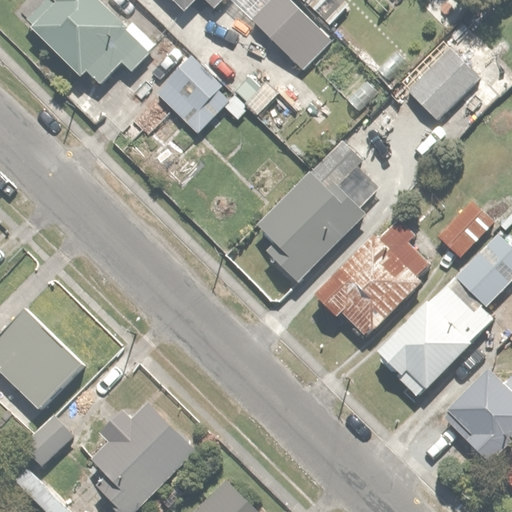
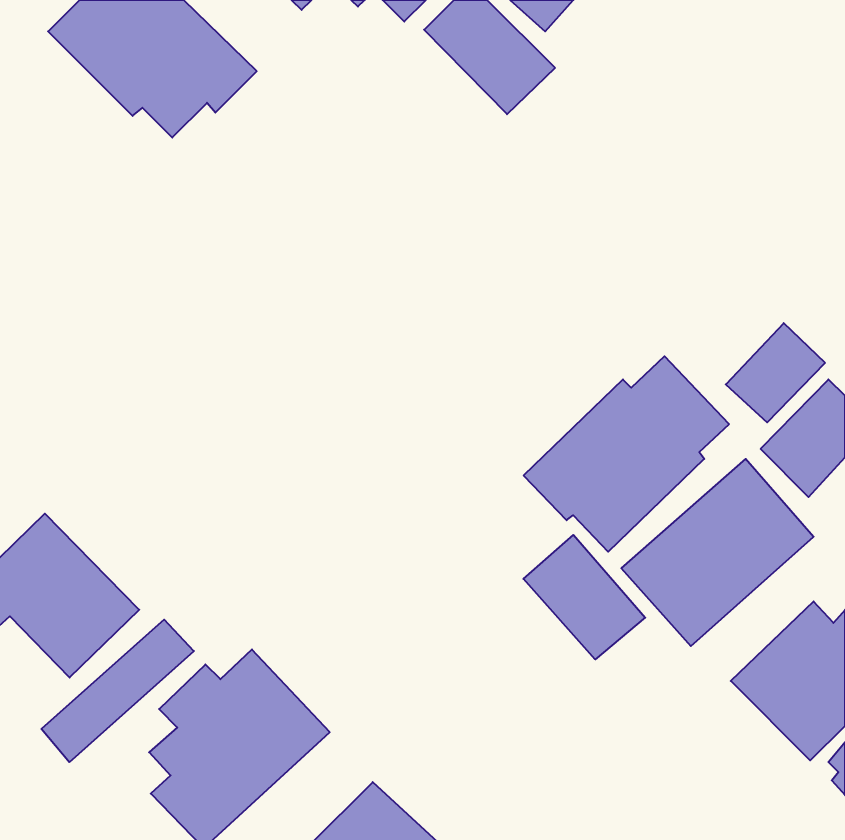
building: [408,45,480,117] -> none
building: [158,55,249,138] -> none
building: [256,141,368,279] -> none
building: none -> [523,535,645,659]

